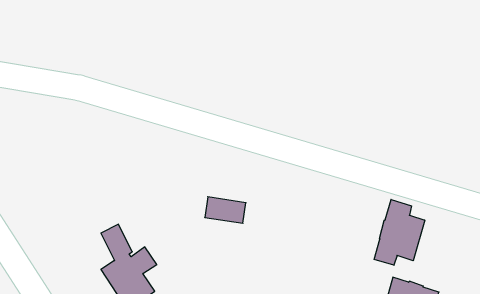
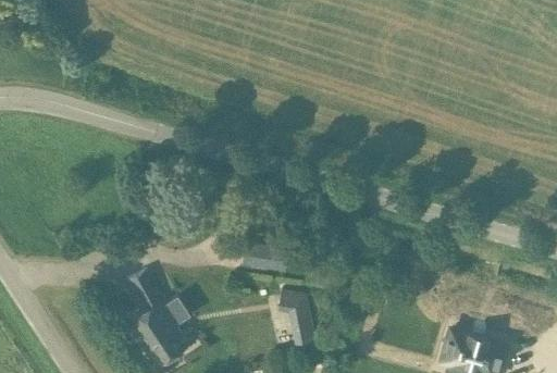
building: [374,199,425,265] -> none
building: none -> [281,293,314,344]

